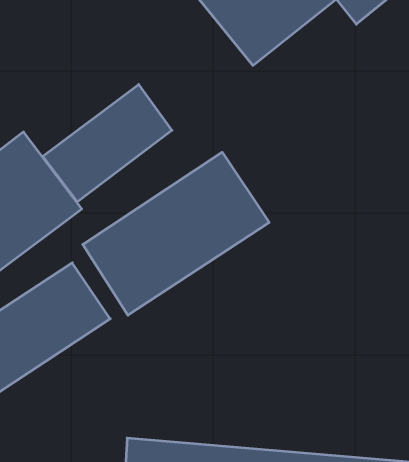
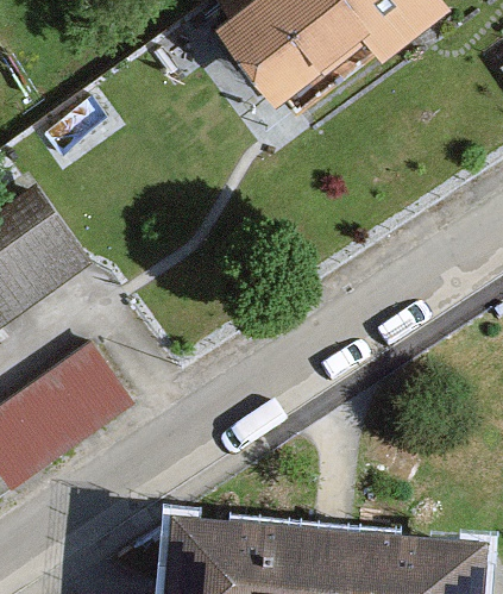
building: [43,84,172,202] -> none
building: [83,152,269,315] -> none

